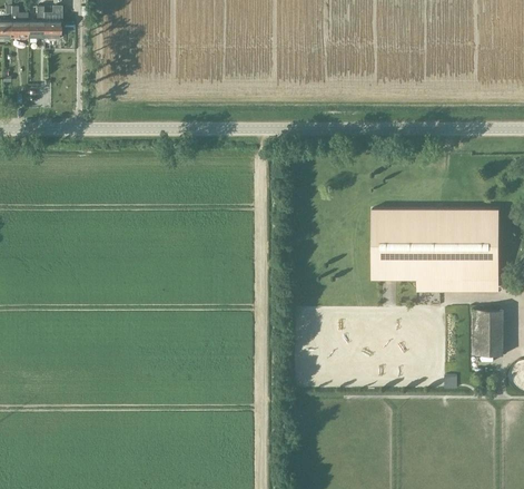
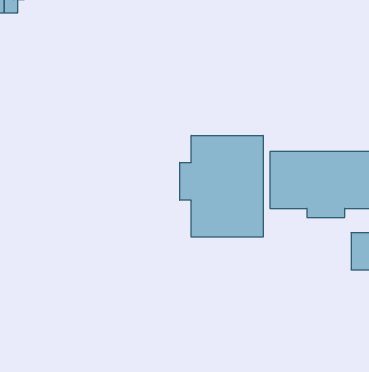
building: none -> [180,135,263,237]

